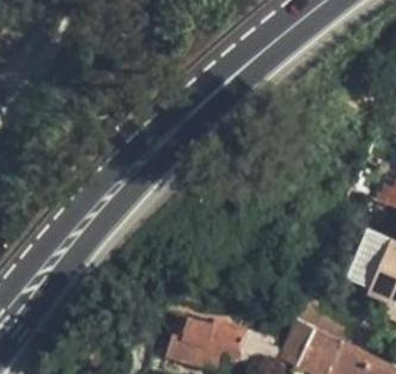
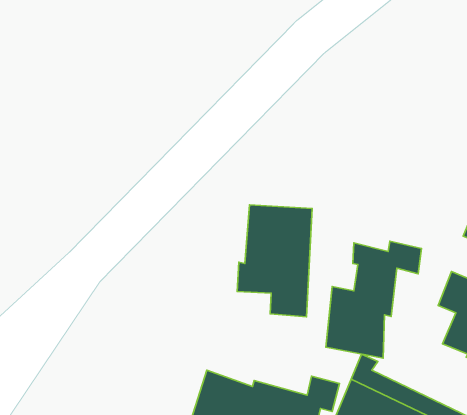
building: none -> [237,205,312,317]
building: none -> [326,241,421,358]

